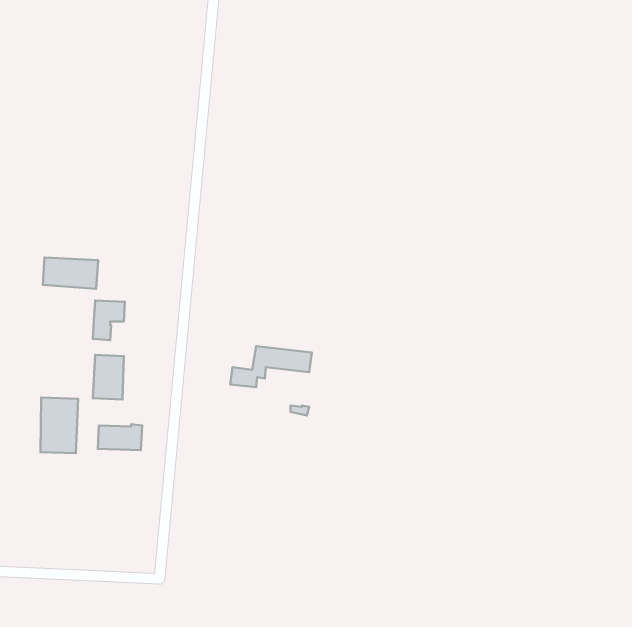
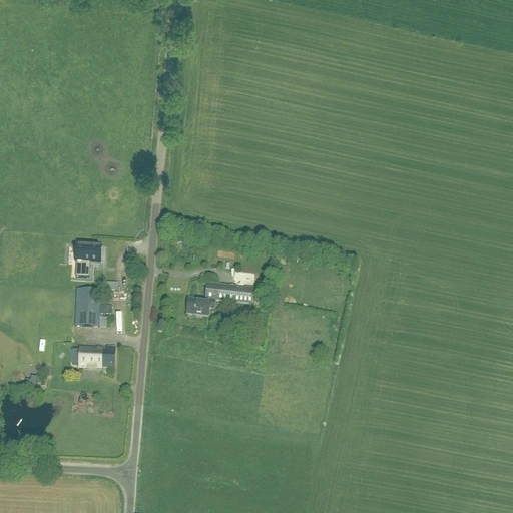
building: [43,257,98,289] -> none
building: [41,398,78,453] -> none

